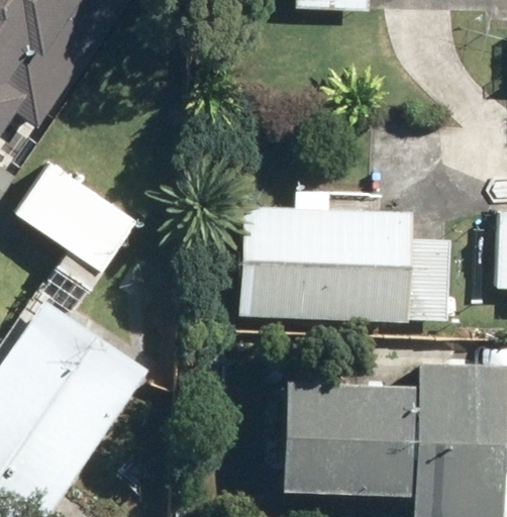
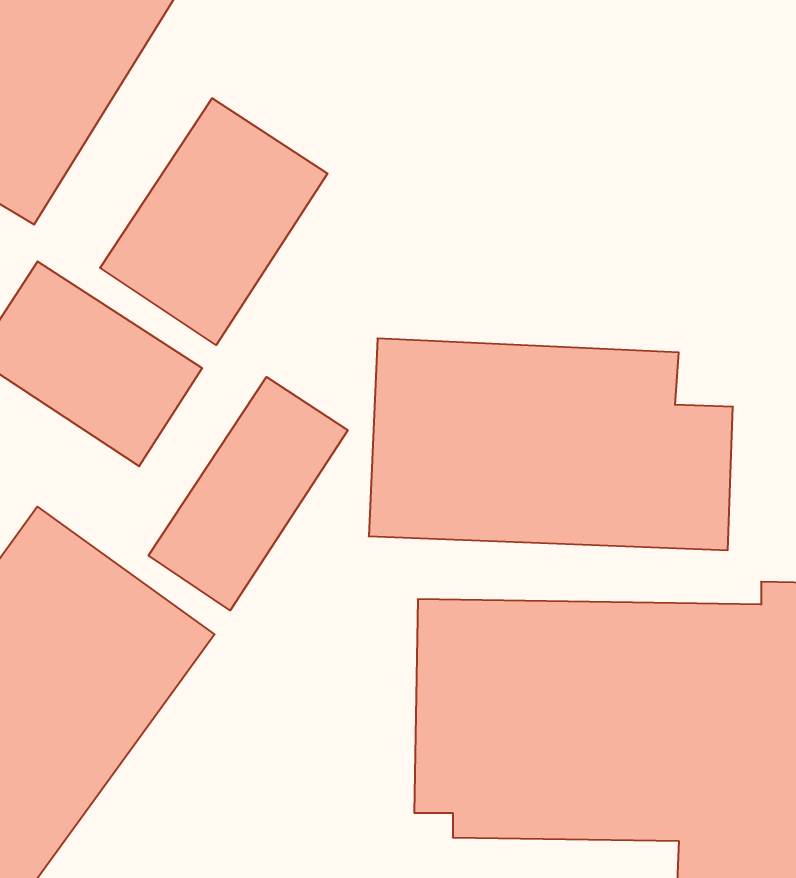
building: none -> [100,98,328,345]
building: none -> [149,377,348,610]

